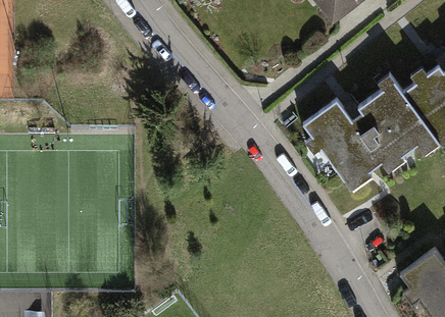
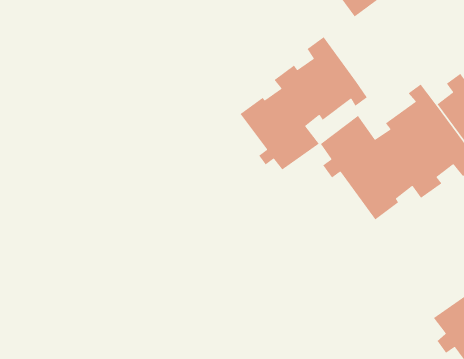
building: none -> [239,36,368,171]

